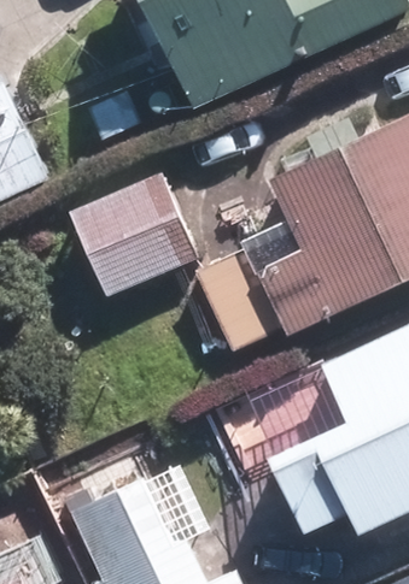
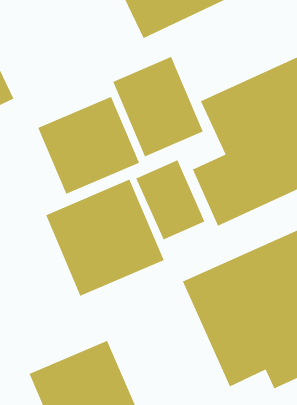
building: none -> [112,56,204,157]
building: none -> [45,179,165,297]

